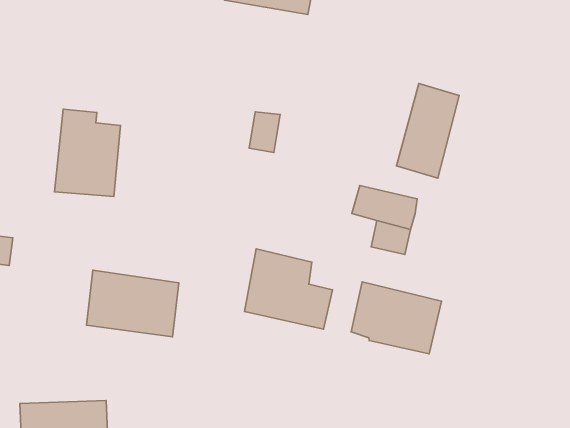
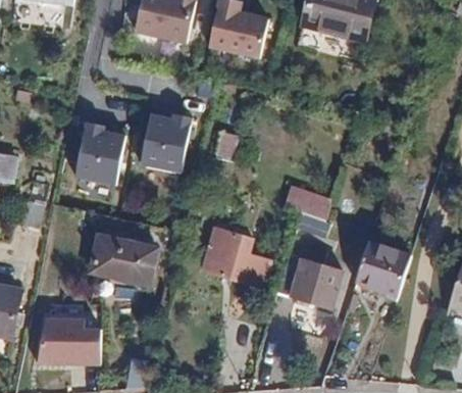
building: [396,84,459,178] -> none
building: none -> [139,111,195,176]
building: none -> [355,241,410,297]

